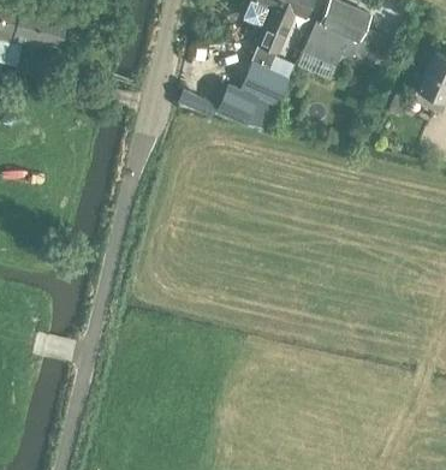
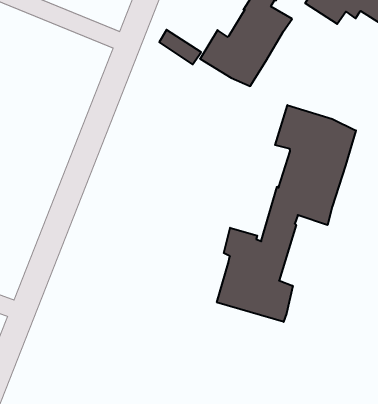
building: none -> [217,105,356,322]

